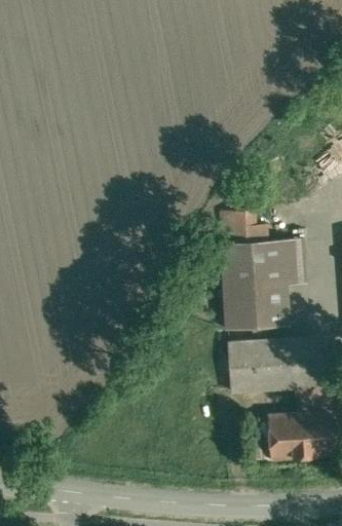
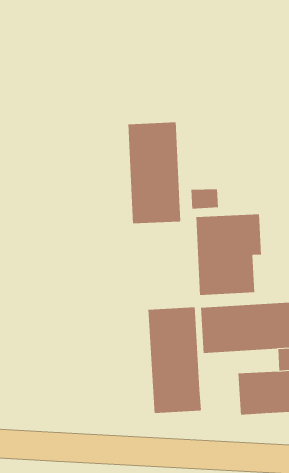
building: none -> [128,122,181,224]
building: none -> [148,306,201,414]

